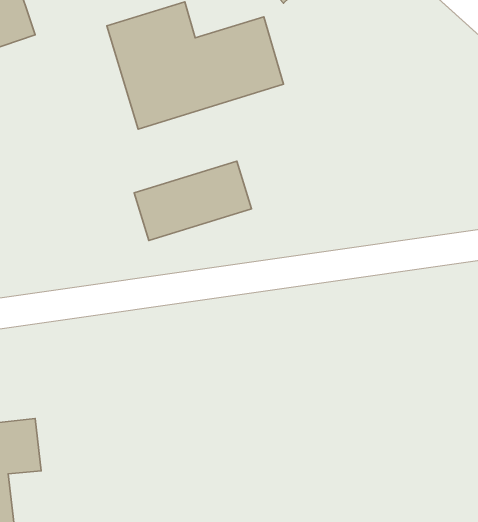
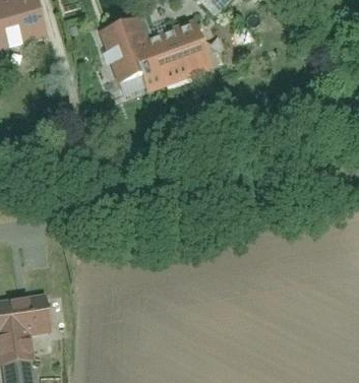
building: [134,161,252,240] -> none

